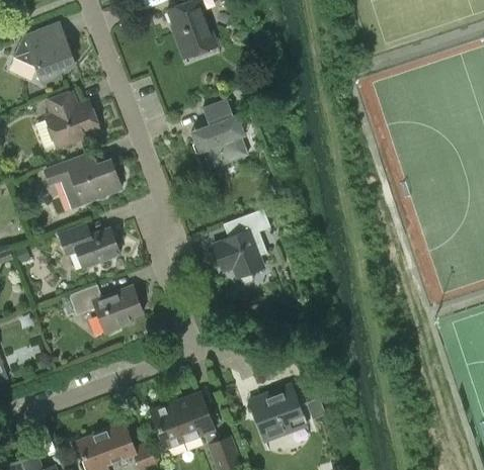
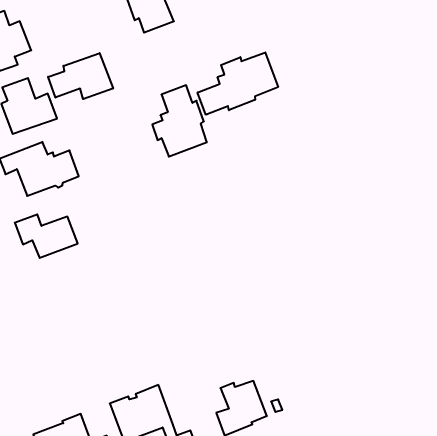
building: none -> [198,52,278,115]
building: none -> [48,53,113,99]
building: [215,208,270,285] -> none
building: [64,284,143,333] -> none

